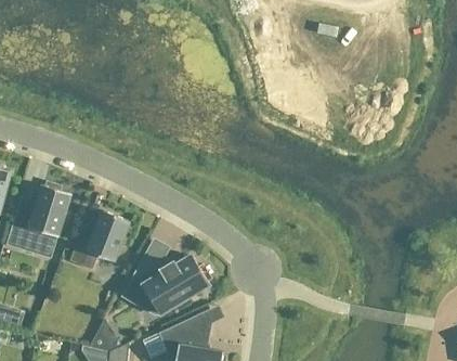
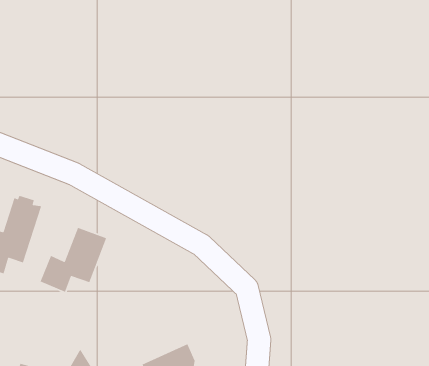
building: [128,256,210,313] -> none

